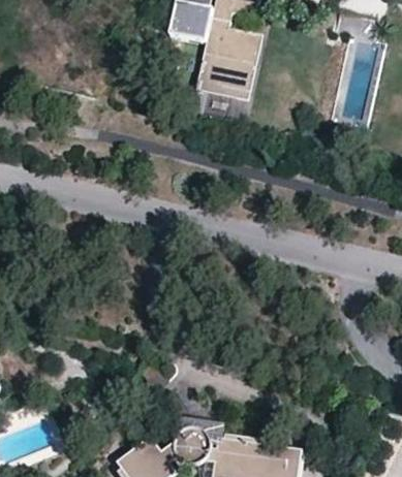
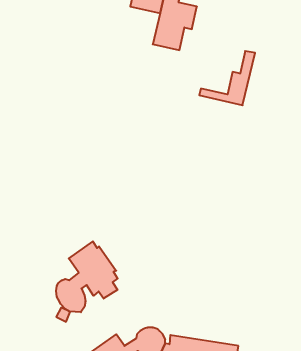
building: [193,30,262,97] -> [199,51,255,105]
building: none -> [56,241,118,312]

